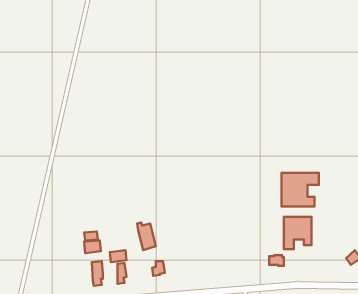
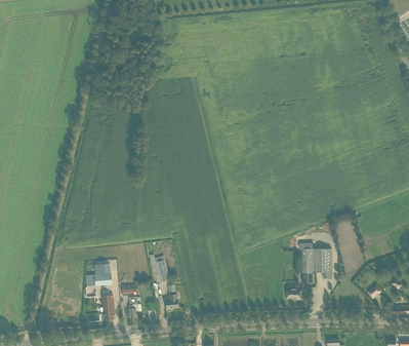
building: [282,173,319,207] -> none

